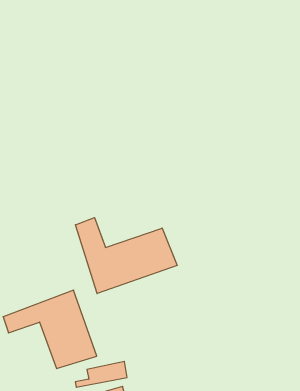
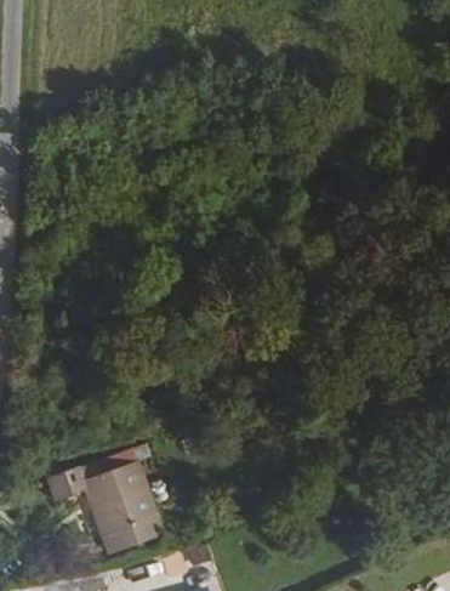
building: [75,218,177,294] -> none

